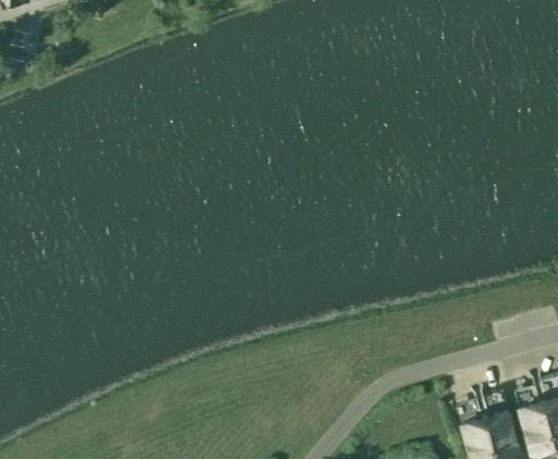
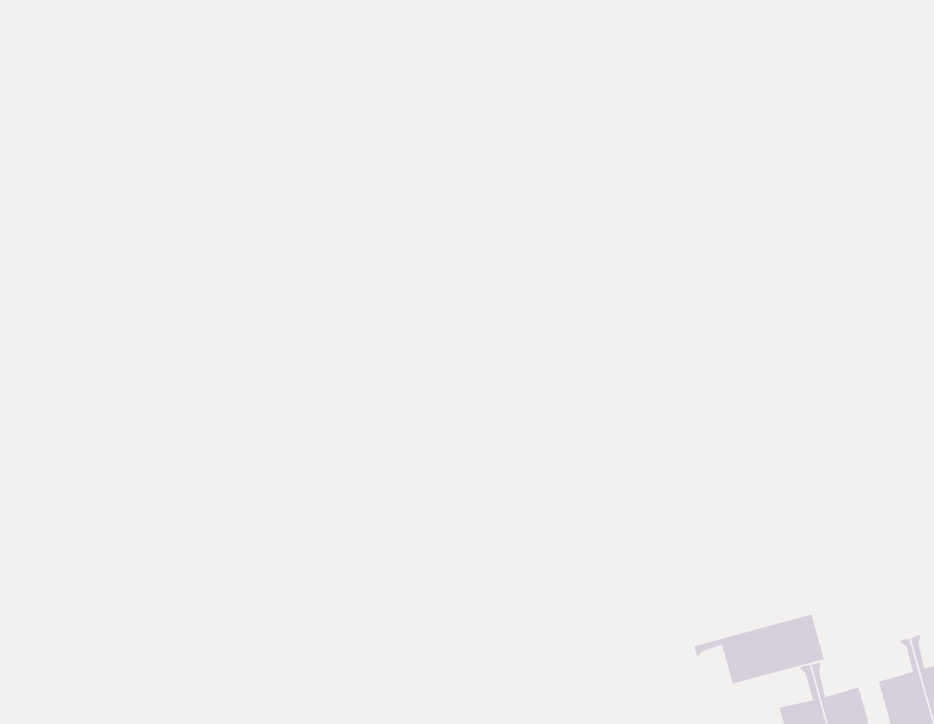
building: none -> [693,613,825,684]

